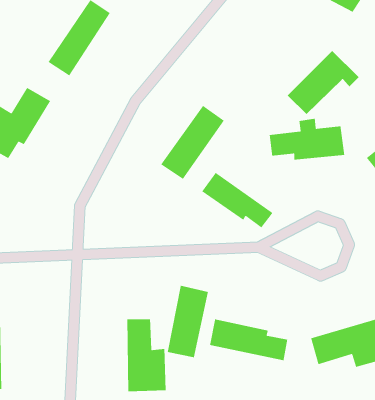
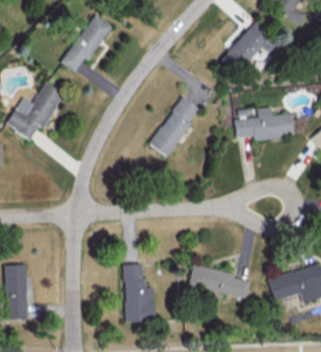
building: [287,50,359,115] -> [220,23,277,74]
building: [201,172,273,228] -> none
building: [167,285,209,358] -> none

